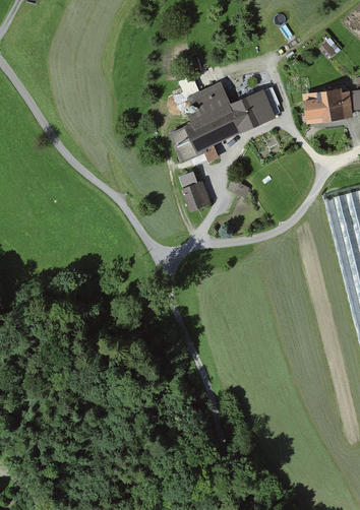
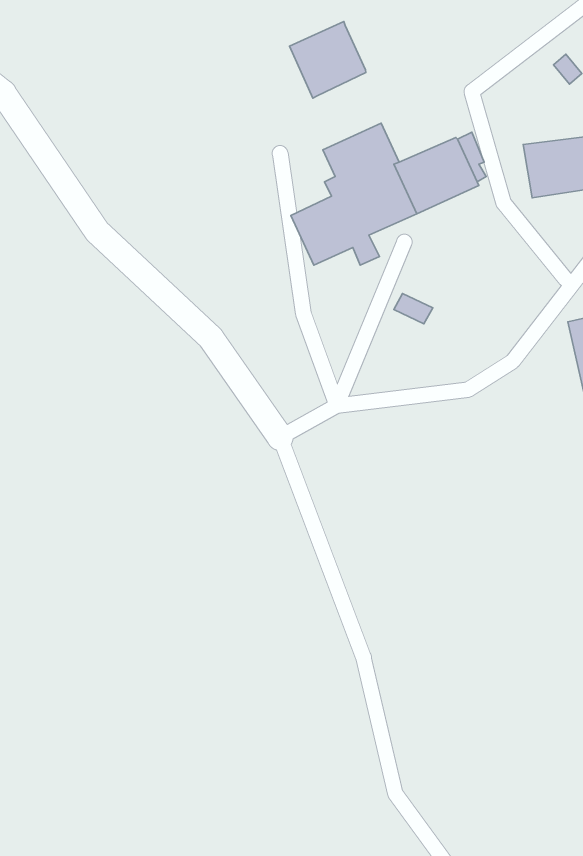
building: none -> [290,22,366,98]
building: [178,171,211,211] -> none

